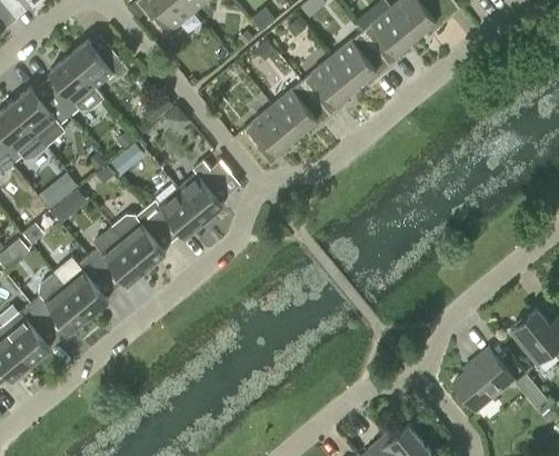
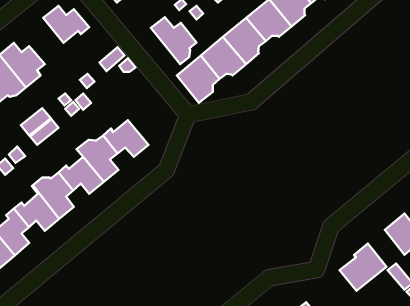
building: none -> [151,17,196,64]
building: [48,57,102,117] -> none
building: [177,161,231,221] -> none

